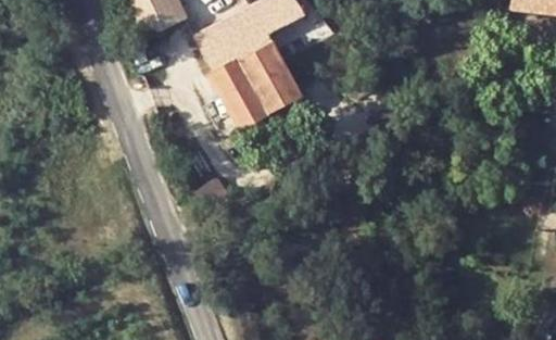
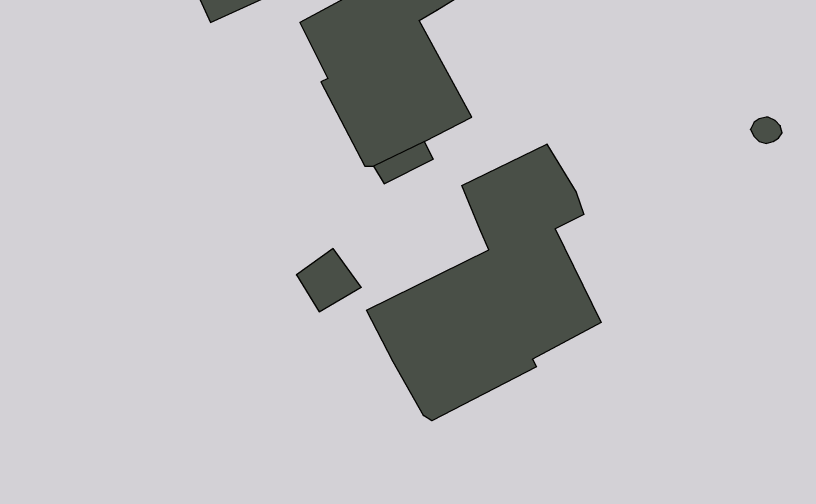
building: none -> [367,144,601,421]

